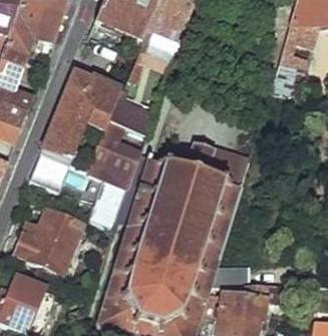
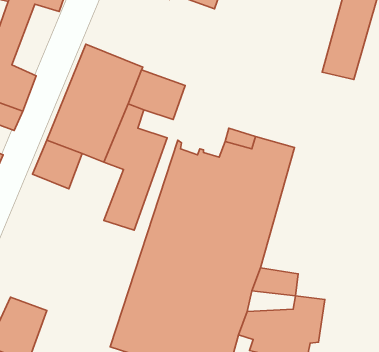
building: [14,209,82,272] -> none

